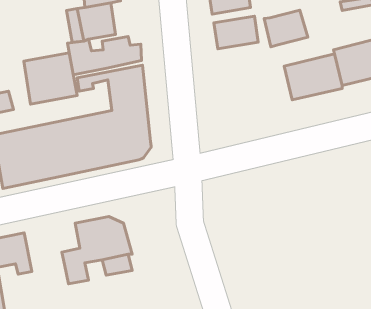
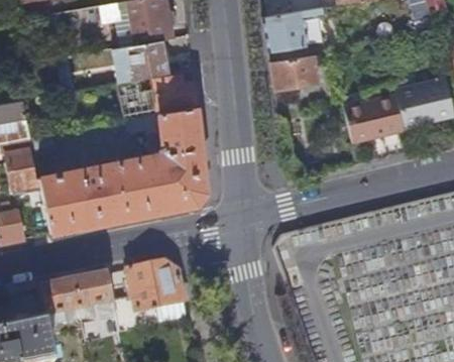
building: [264,10,308,47] -> none
building: [24,53,77,104] -> none
building: none -> [72,273,114,321]

